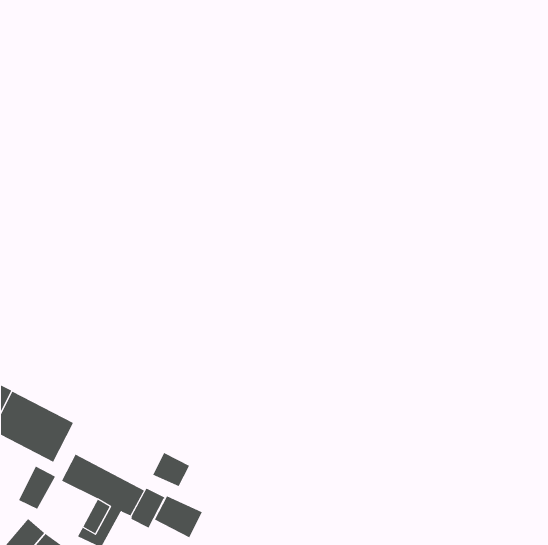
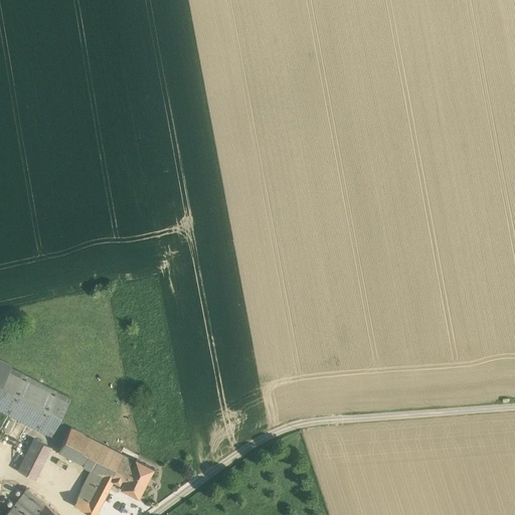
building: [152,452,190,487] -> none
building: [154,496,202,538] -> none

